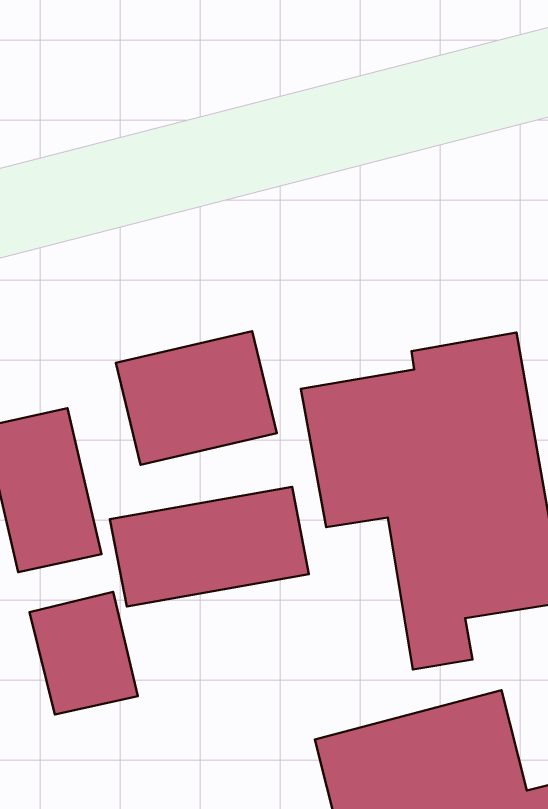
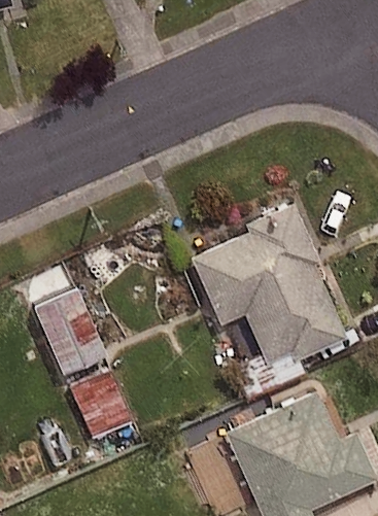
building: [116,331,277,465] -> none
building: [110,487,309,607] -> none

